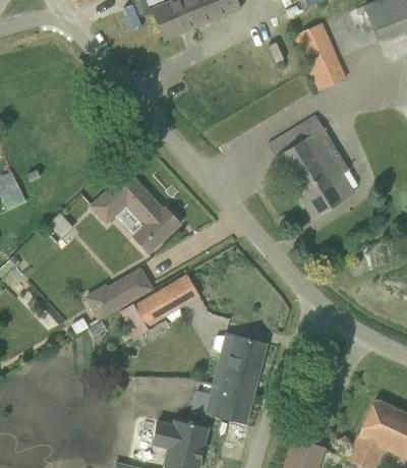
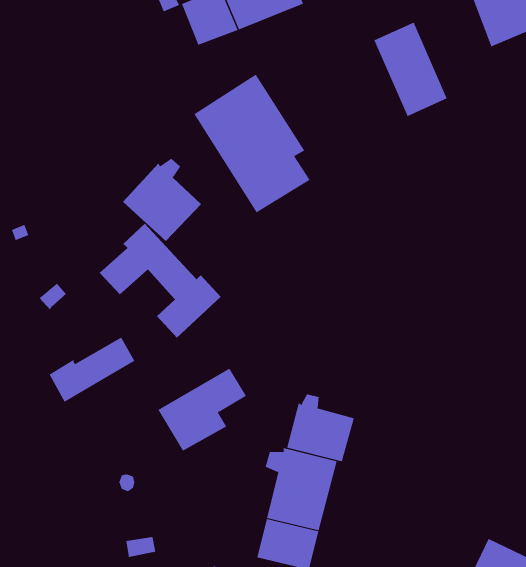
building: [269,115,354,217] -> [193,74,311,213]
building: none -> [122,158,202,242]
building: [88,270,151,317] -> [49,337,135,403]
building: none -> [287,393,354,462]

